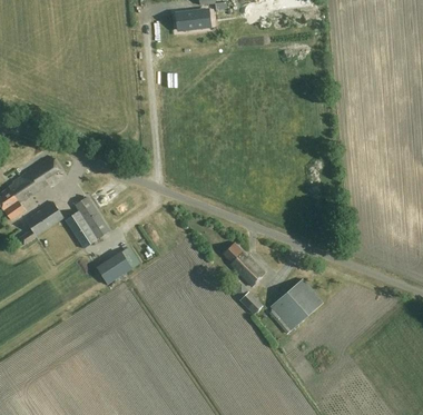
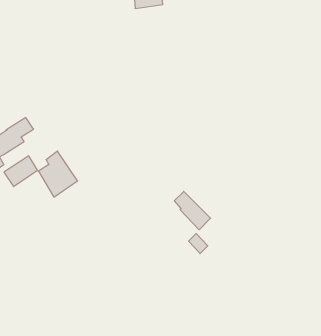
building: [100,253,134,283] -> none
building: [269,278,324,332] -> none

